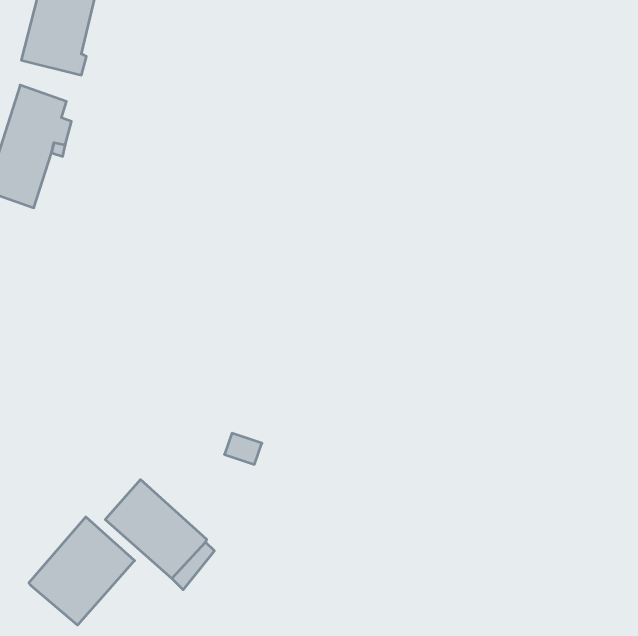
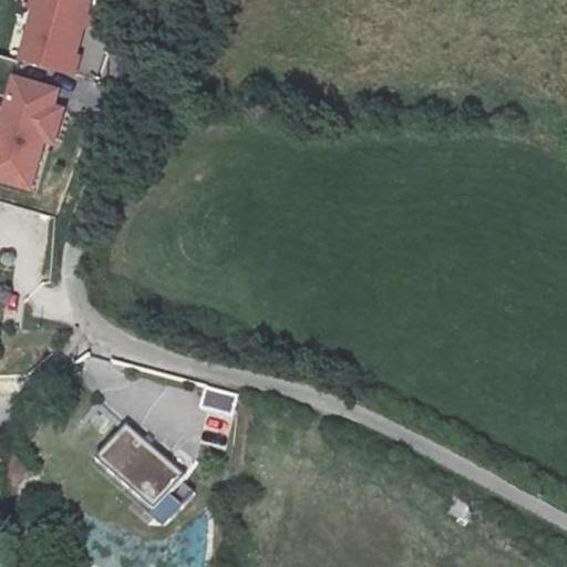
building: [29,517,135,625] -> none

